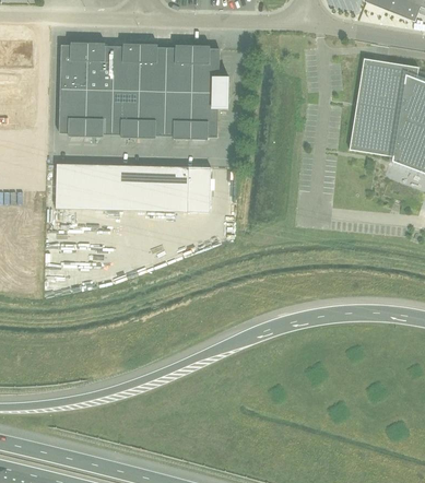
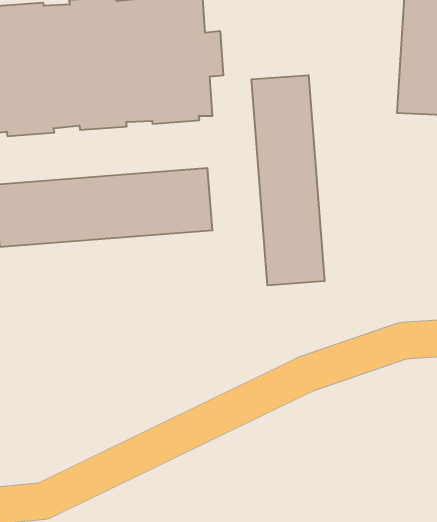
building: none -> [251,75,324,285]

